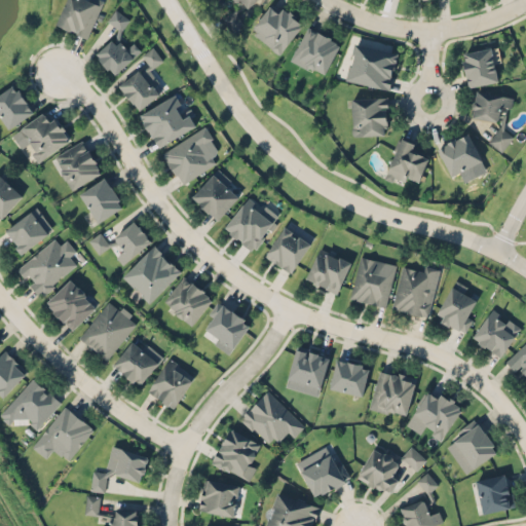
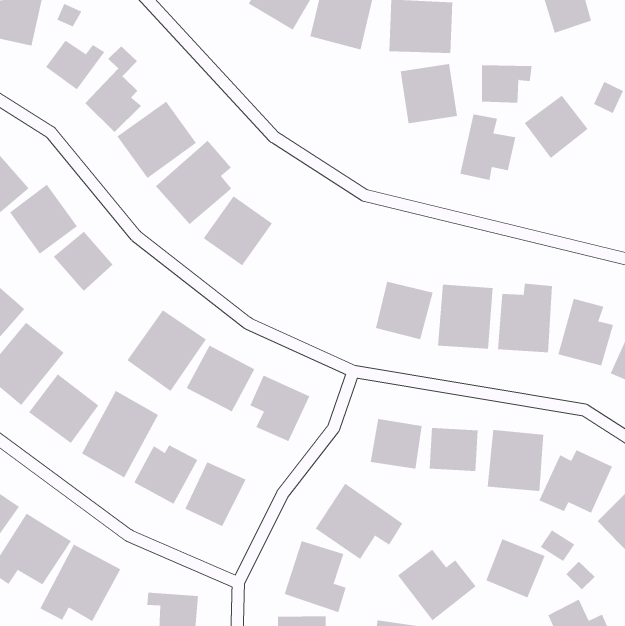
building: [473,91,514,123] -> [481,65,532,103]
building: [223,195,279,253] -> none
building: [89,223,152,265] -> none
building: [264,225,312,275] -> none

